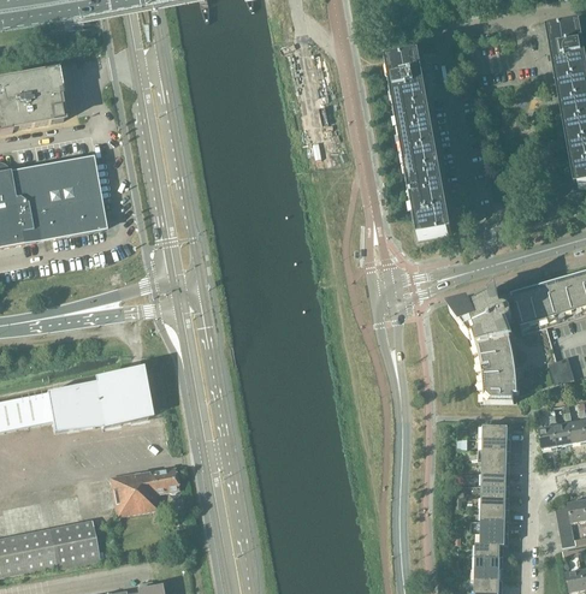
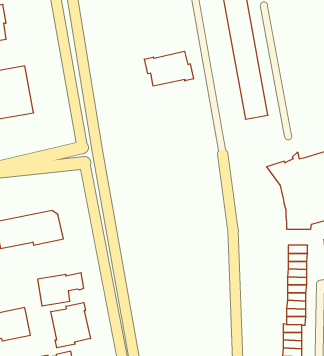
building: none -> [144,51,193,86]
building: none -> [51,303,90,348]

